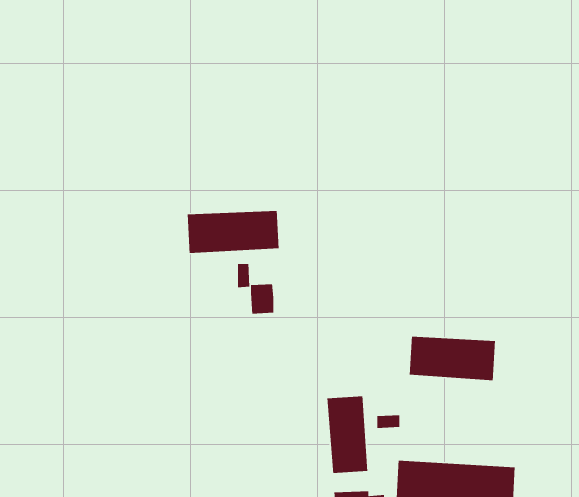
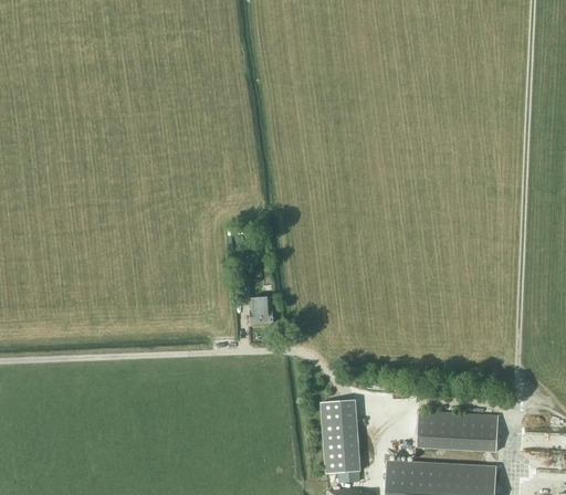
building: [187,210,280,254] -> none
building: [409,336,496,381] -> [417,410,497,452]

